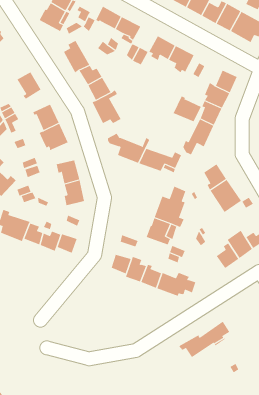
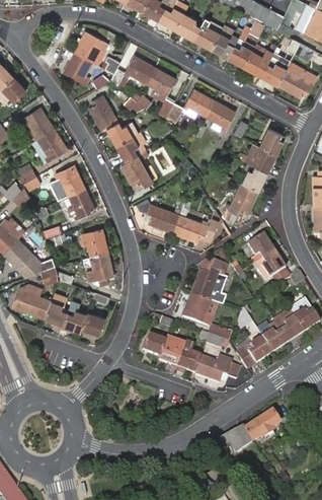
building: none -> [23,109,53,139]
building: [173,96,202,122] -> none
building: none -> [236,337,271,369]

